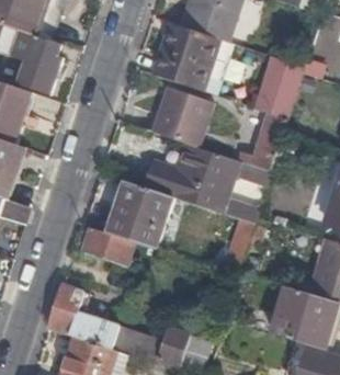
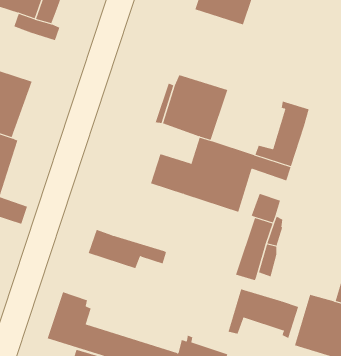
building: [152,23,231,90] -> none
building: [16,47,59,93] -> none
building: [253,55,302,117] -> none
building: [105,180,170,247] -> none
building: none -> [228,288,299,339]

